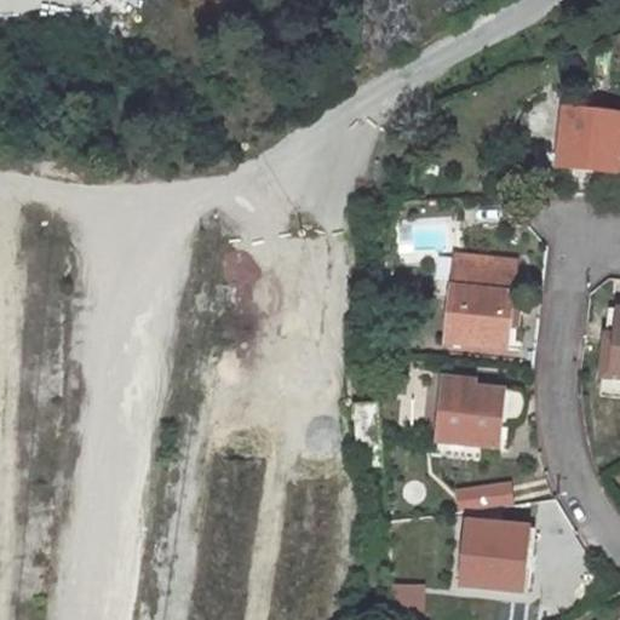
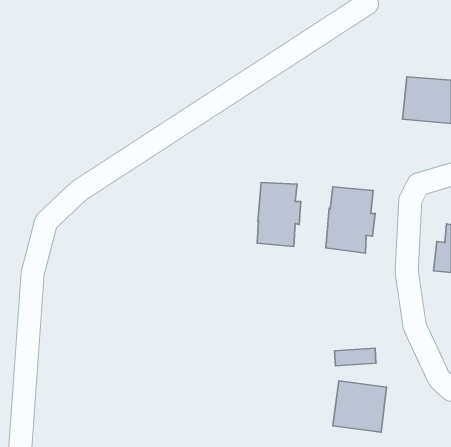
building: none -> [257,183,301,246]
building: [436,377,512,448] -> none

